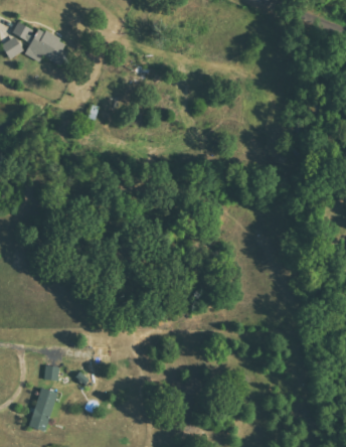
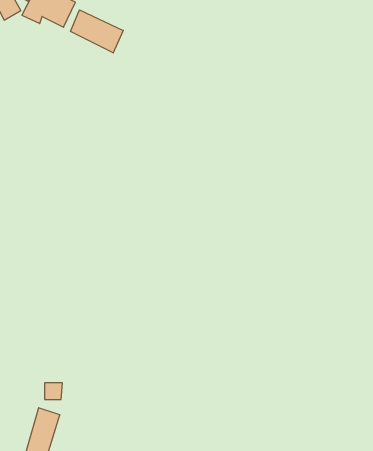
building: none -> [70,10,123,53]

